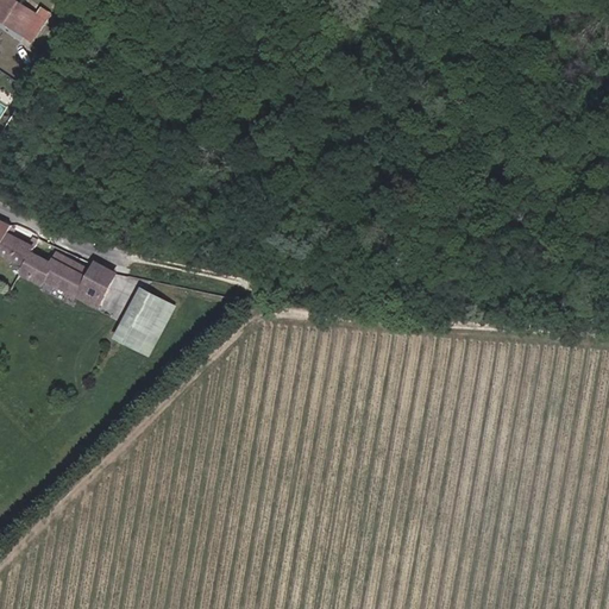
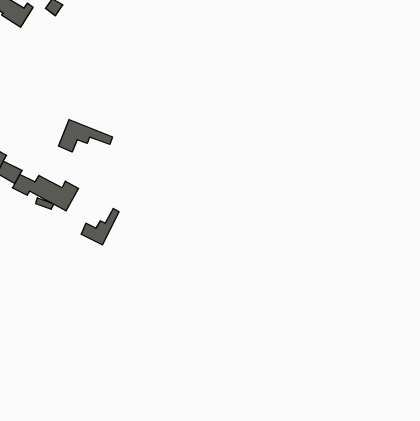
building: none -> [58,119,112,152]
building: [124,289,163,328] -> none

